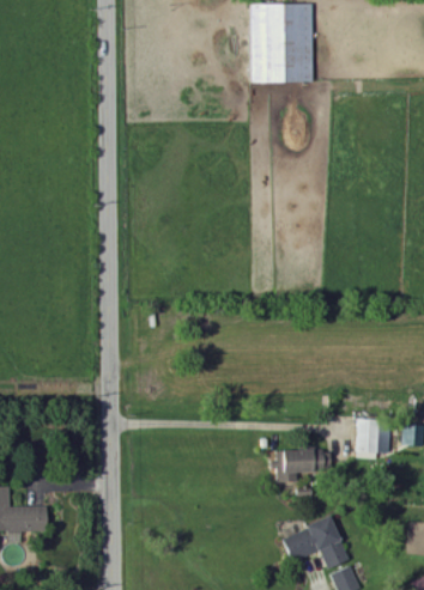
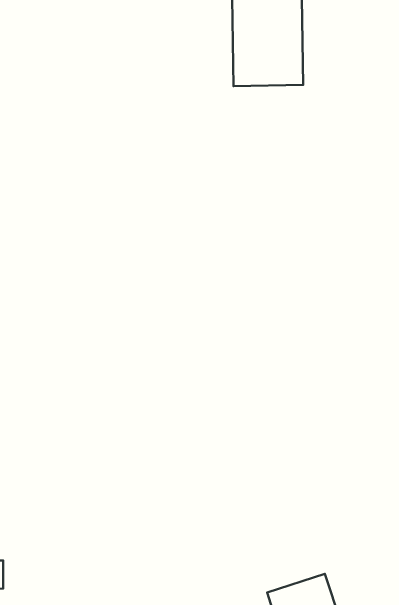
building: [357,420,392,458] -> none
building: [279,450,322,482] -> none

